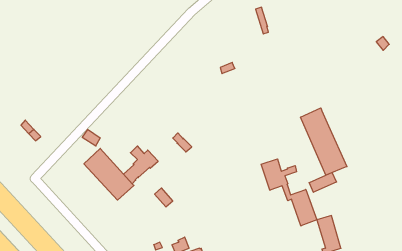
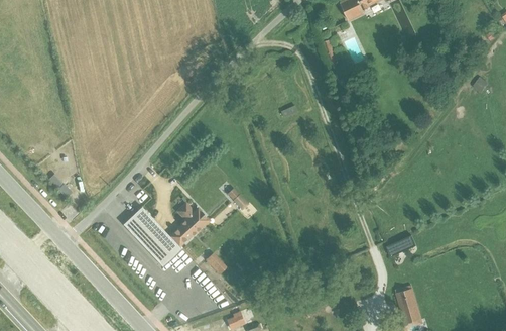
building: [301,108,347,175] -> none
building: [261,159,317,226] -> none

